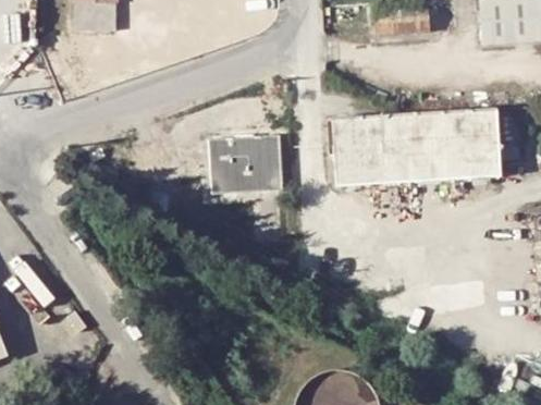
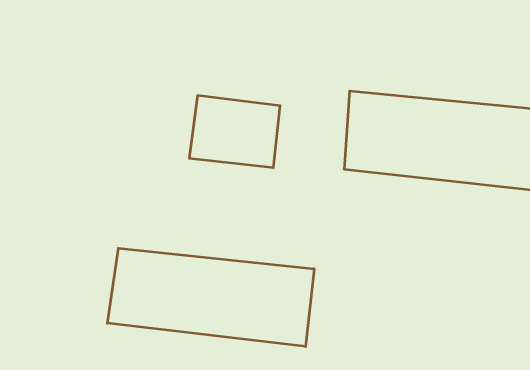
building: none -> [107,248,314,347]

